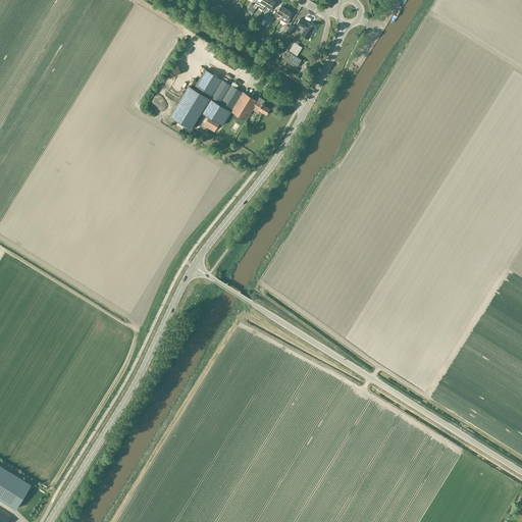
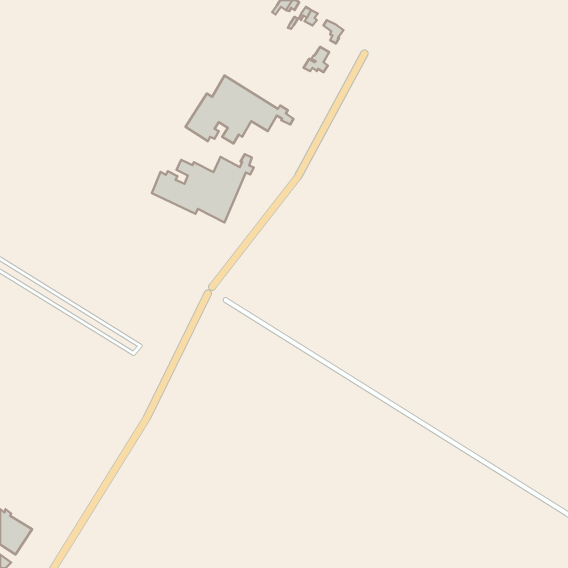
building: none -> [152,154,254,222]

